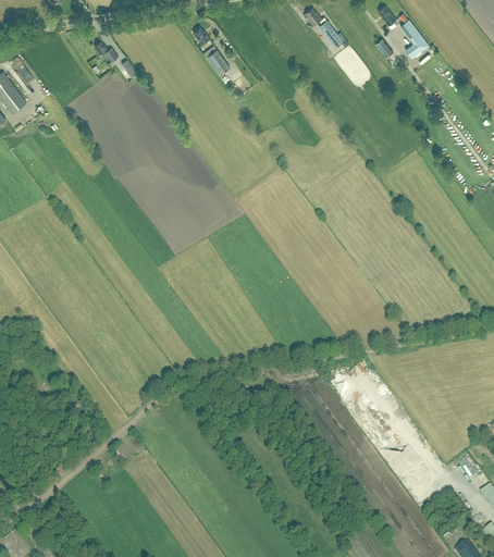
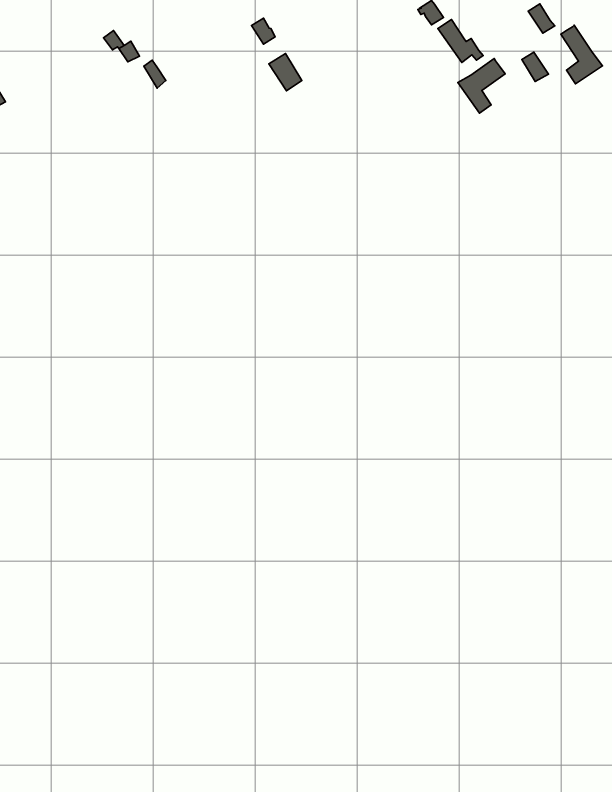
building: none -> [458,59,505,113]

